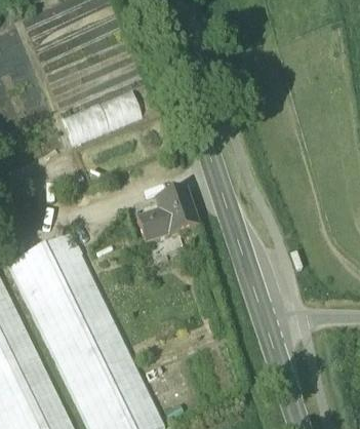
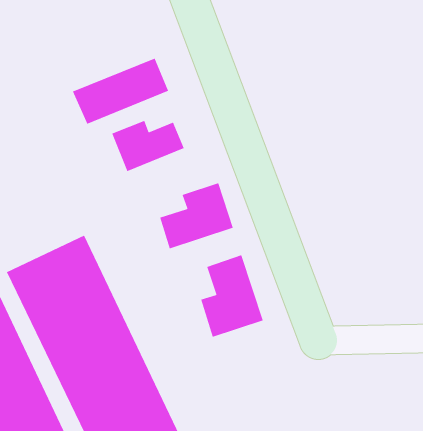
building: none -> [111,120,185,172]
building: none -> [200,254,264,338]

